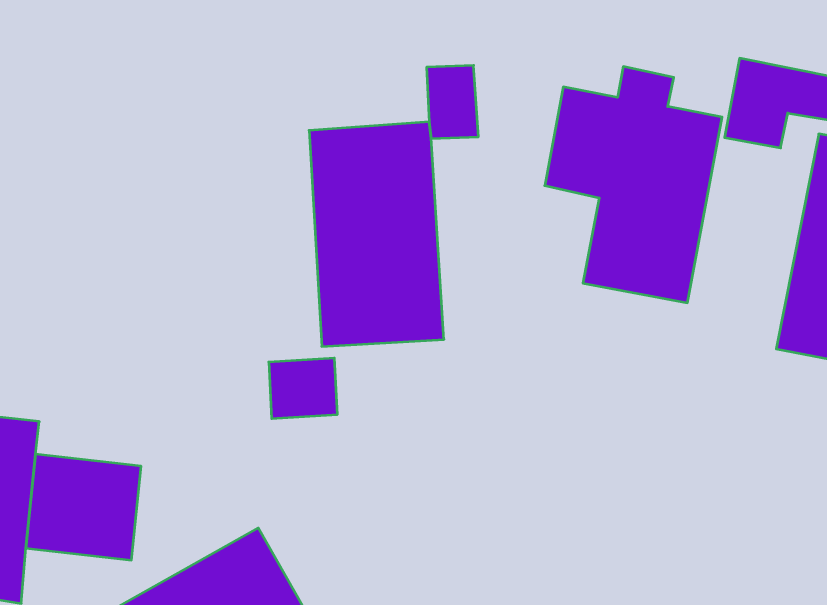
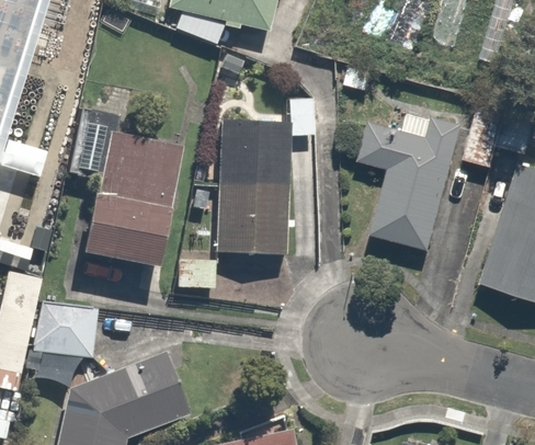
building: none -> [67,104,184,274]

